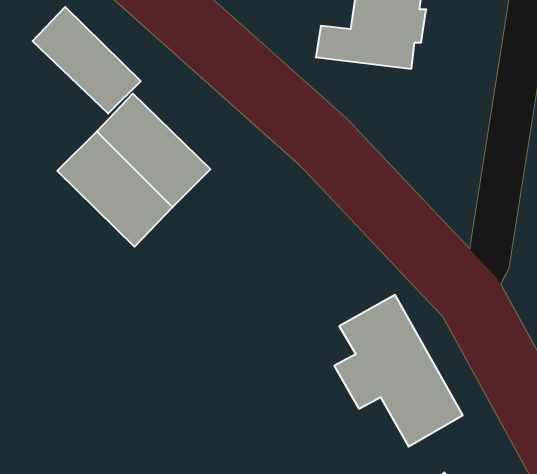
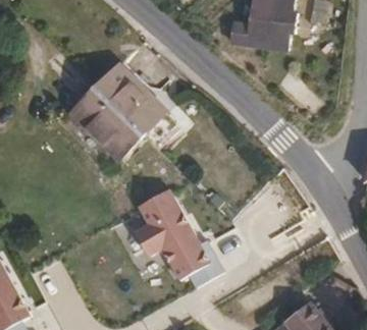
building: [33,7,141,114] -> none
building: [334,295,463,447] -> [133,188,212,282]

